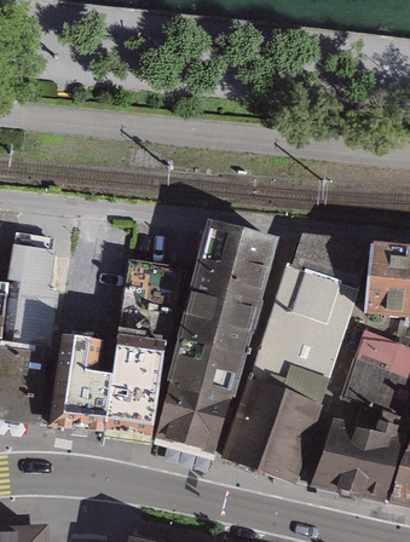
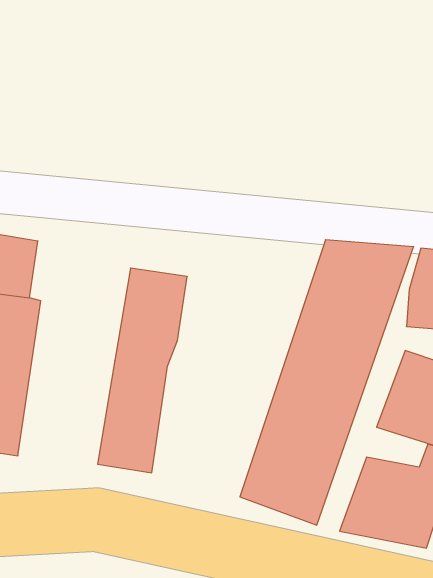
building: [157,223,275,452] -> none
building: [51,338,119,428] -> none

